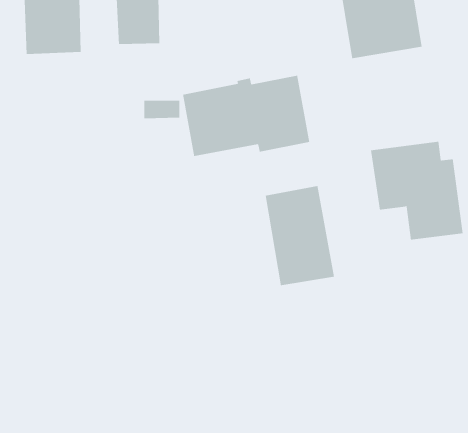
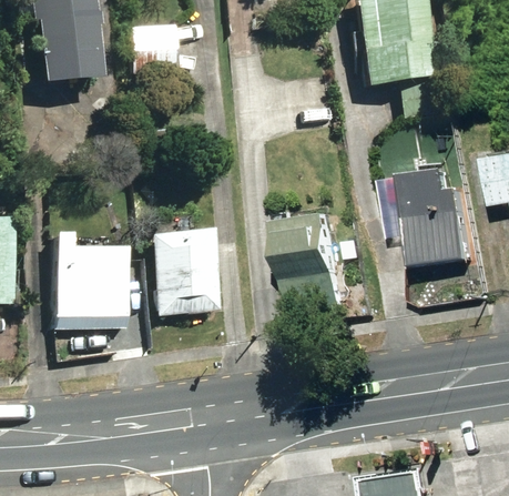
building: [183,75,310,157] -> none
building: none -> [152,229,220,314]
building: none -> [57,232,129,326]

